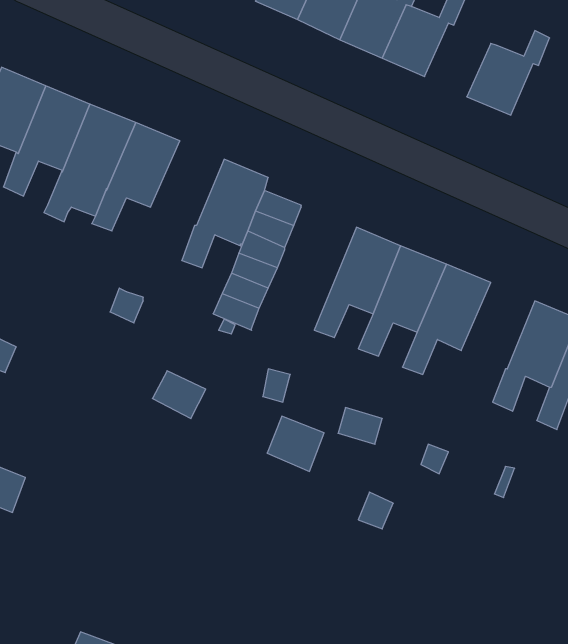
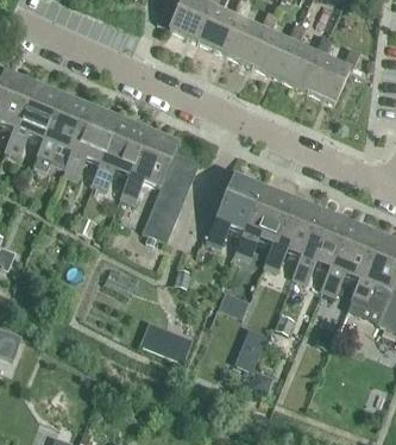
building: none -> [278,35,332,89]
building: none -> [92,118,149,188]
building: none -> [293,209,350,281]
building: [267,416,324,471] -> [156,327,193,363]

